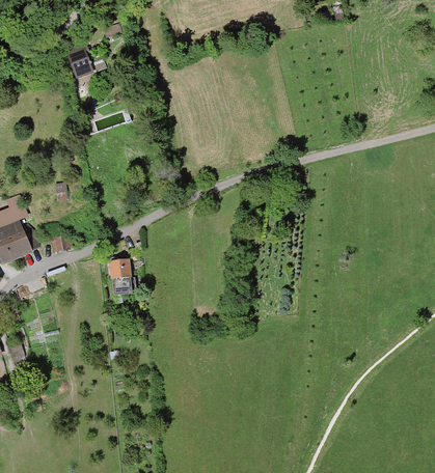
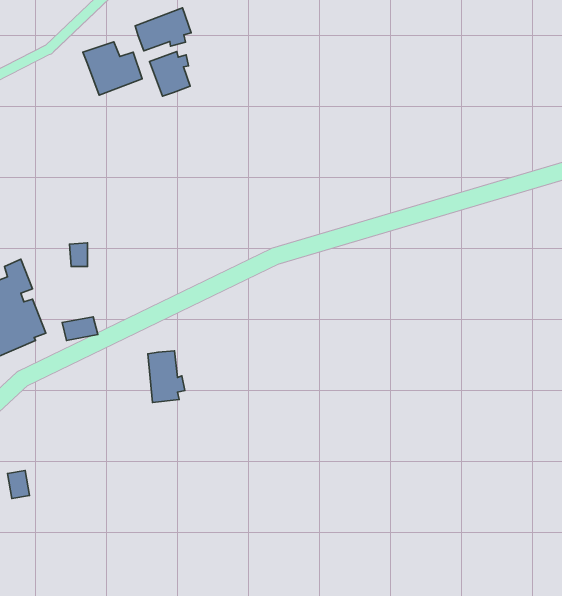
building: none -> [135,8,191,51]
building: none -> [149,51,190,96]

